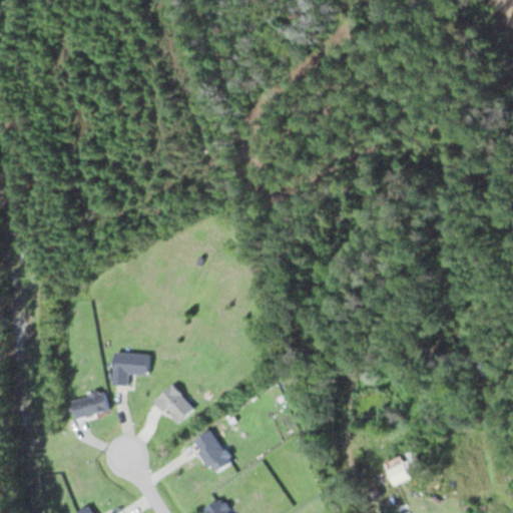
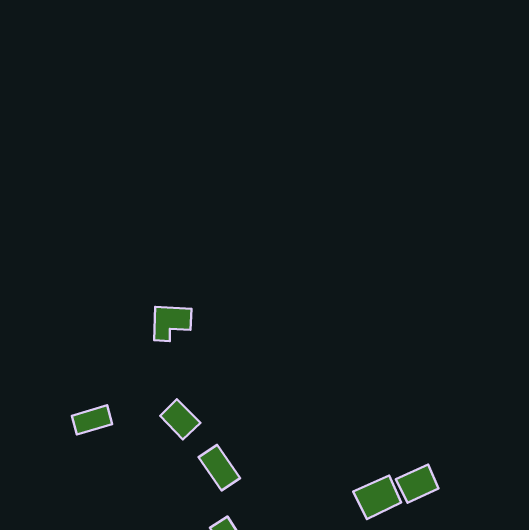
building: [112,353,148,386] -> [154,307,192,341]
building: none -> [353,475,401,519]

